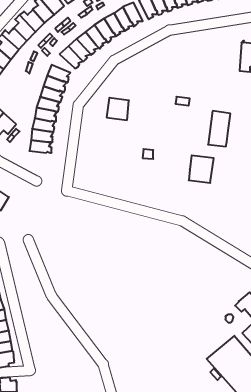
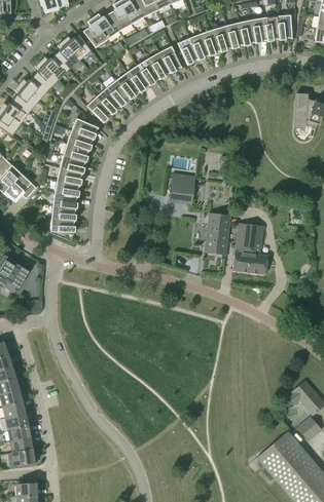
building: [107,98,129,120] -> [170,177,195,202]
building: [208,111,230,146] -> [205,213,230,254]
building: none -> [50,218,76,241]
building: none -> [232,252,267,274]

